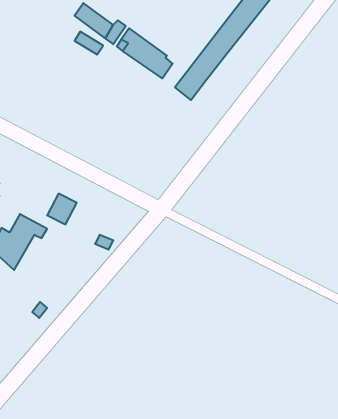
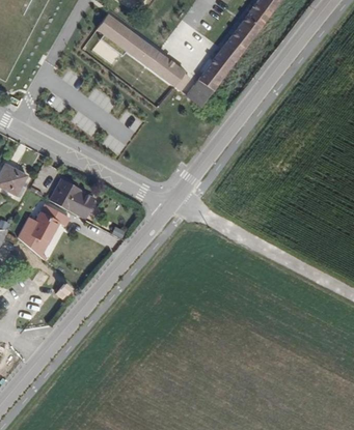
building: none -> [52,176,82,210]

